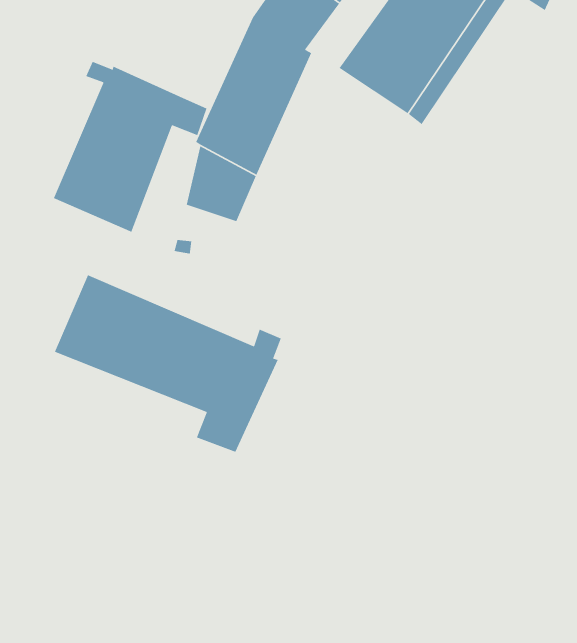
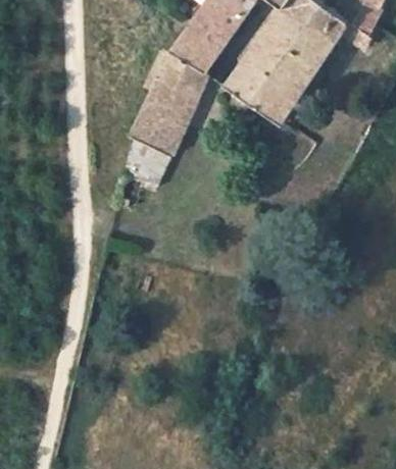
building: [53,61,208,233] -> none
building: [54,274,282,453] -> none

